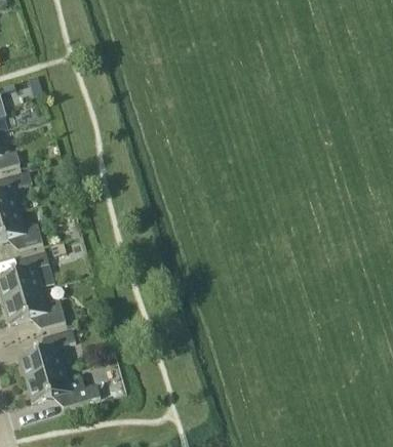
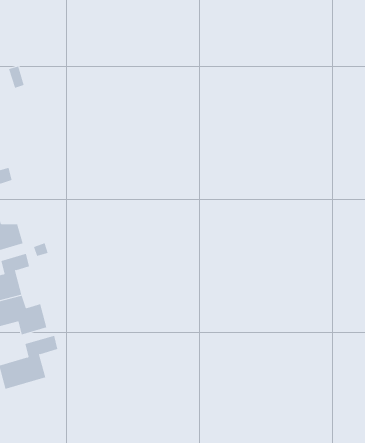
building: [24,368,99,406] -> none

